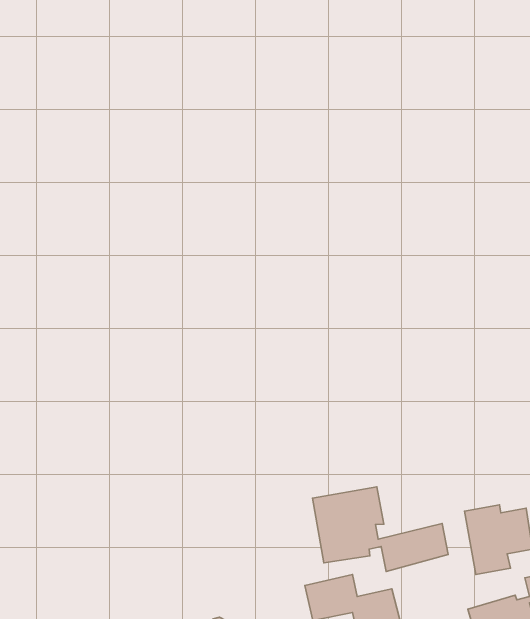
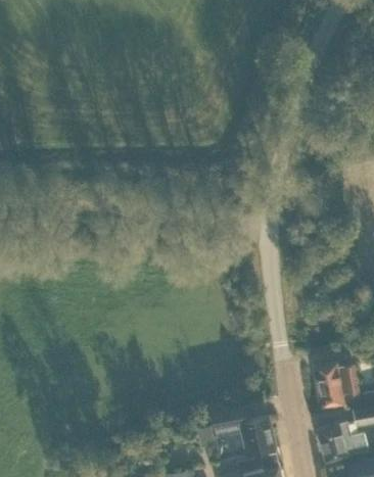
building: [313,487,448,571] -> none

